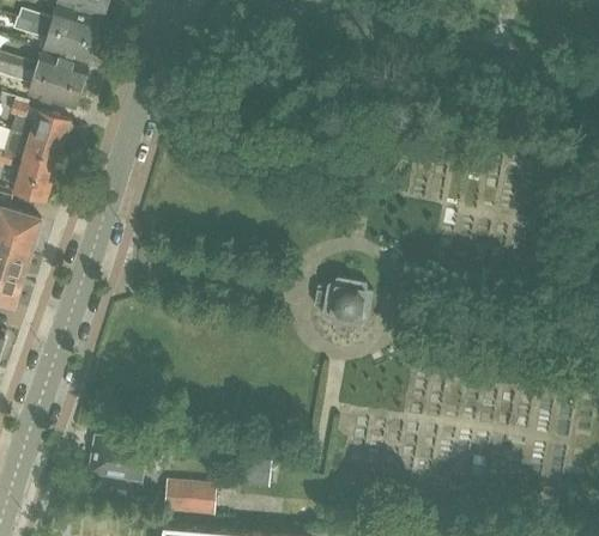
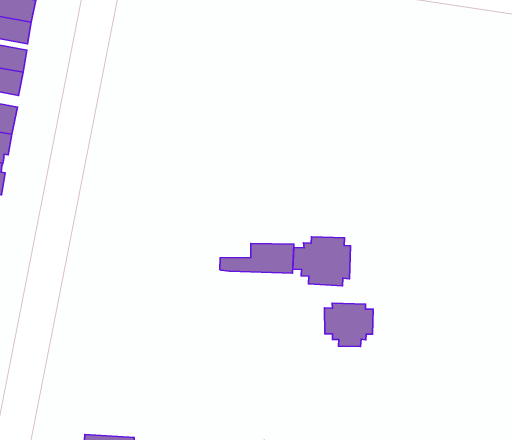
building: none -> [220,244,294,273]
building: none -> [325,303,373,347]

